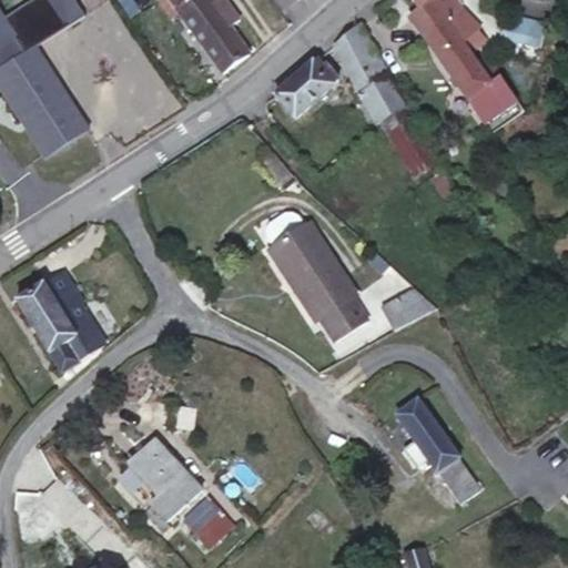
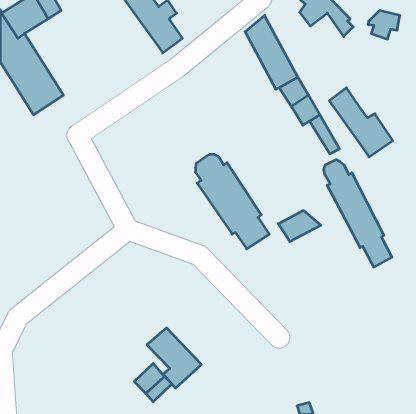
building: [423,18,509,112] -> [329,88,393,157]
building: [275,58,338,118] -> none
building: none -> [324,160,392,267]
building: [16,270,105,373] -> none
building: [374,368,481,503] -> none
building: [128,439,202,521] -> [147,328,201,388]

